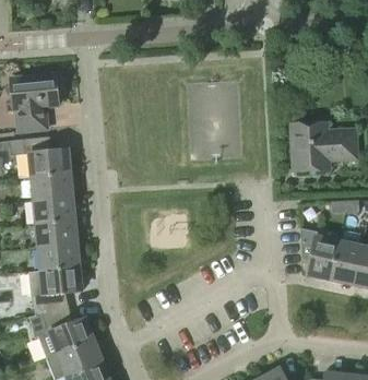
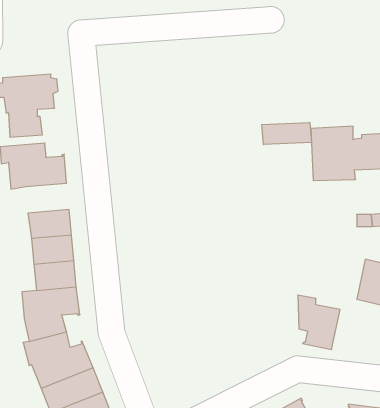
building: none -> [262,122,311,145]
building: [32,173,71,200] -> none
building: [300,228,339,277] -> [298,295,340,349]

